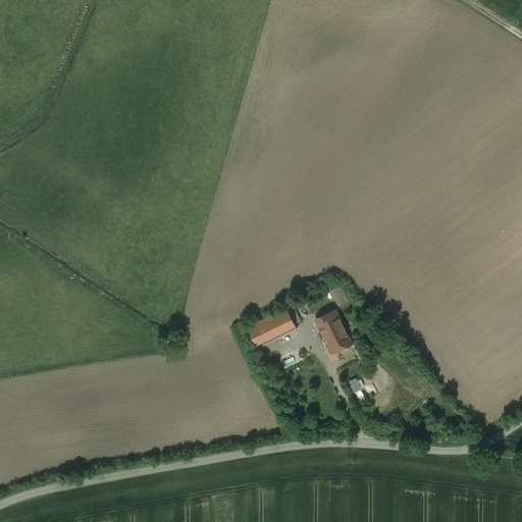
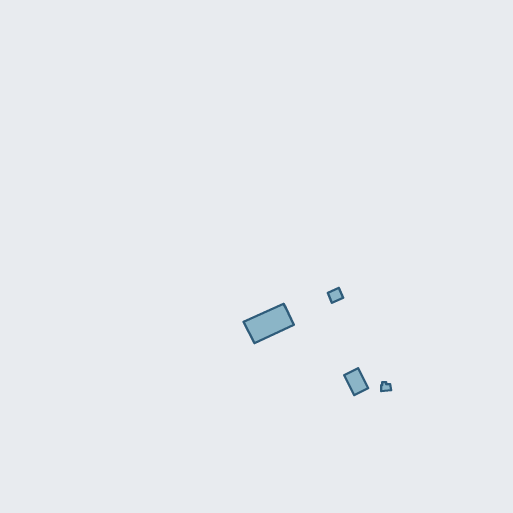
building: [315,311,349,351] -> none

